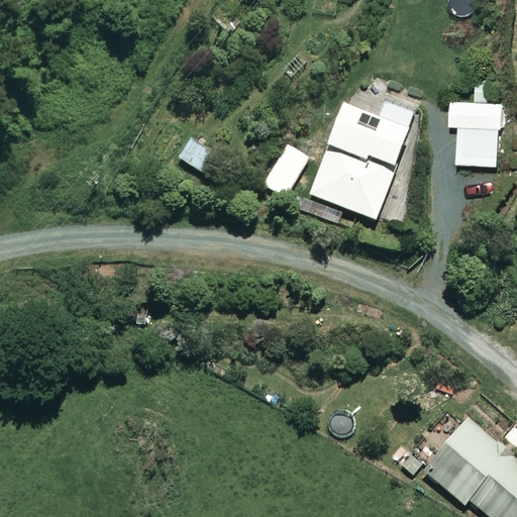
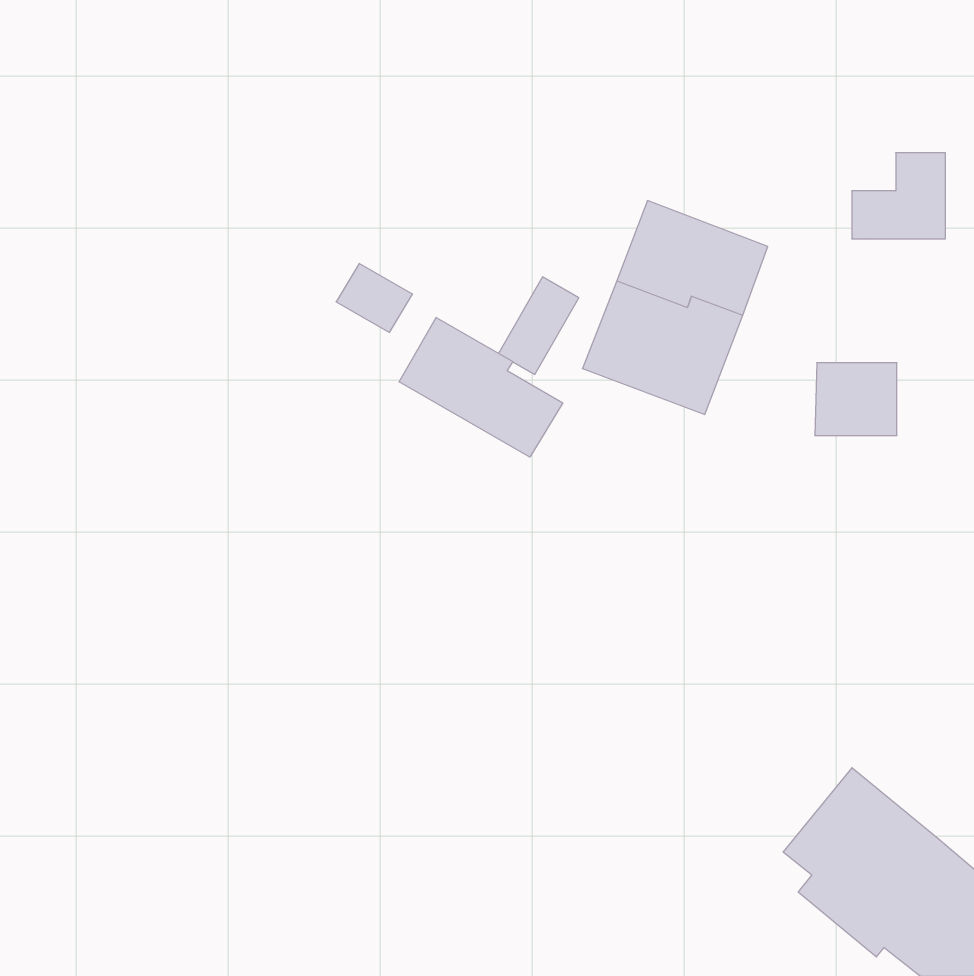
building: [457,126,501,165] -> [815,363,897,435]
building: none -> [399,317,563,457]

